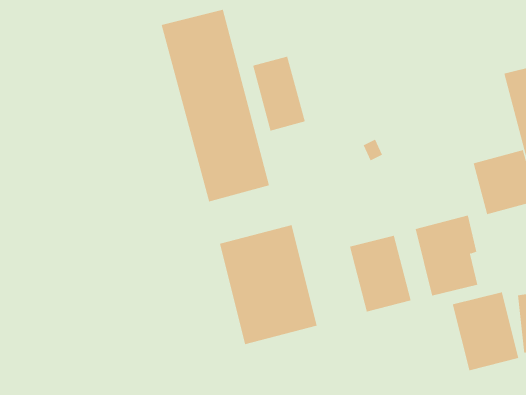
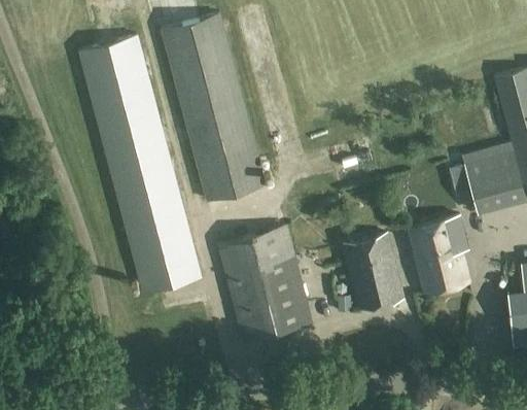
building: none -> [78,36,203,295]
building: [252,56,305,131] -> none
building: [452,291,519,371] -> none

